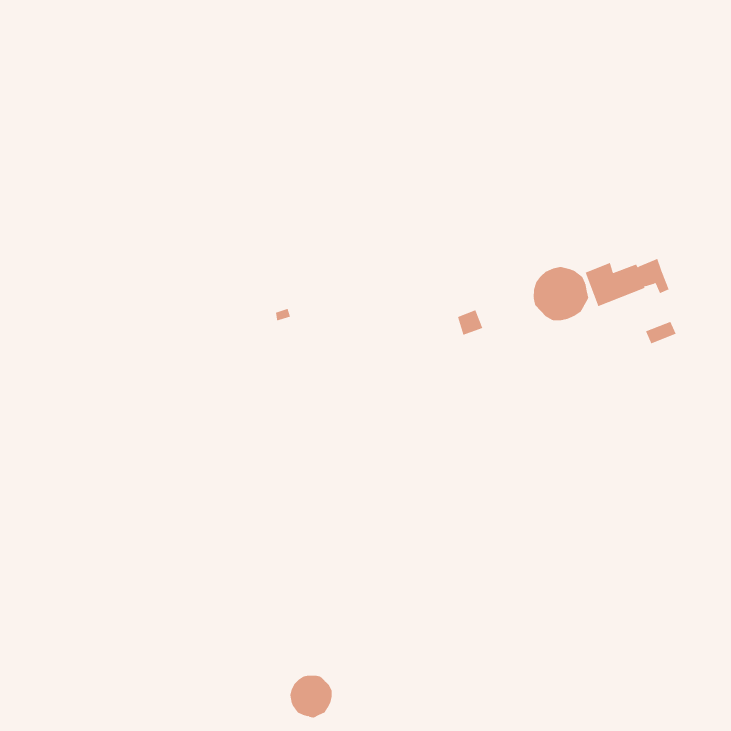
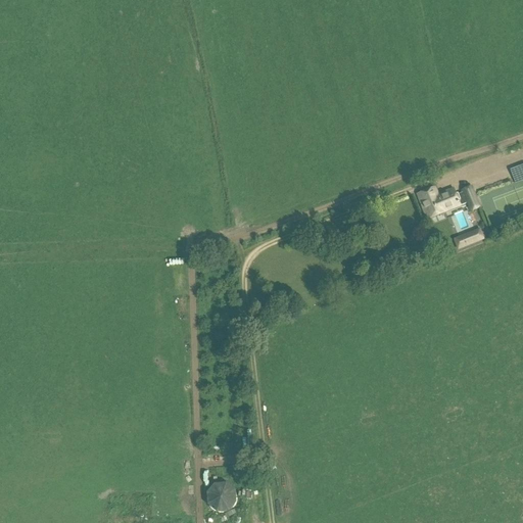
building: [533,266,589,321] -> none

